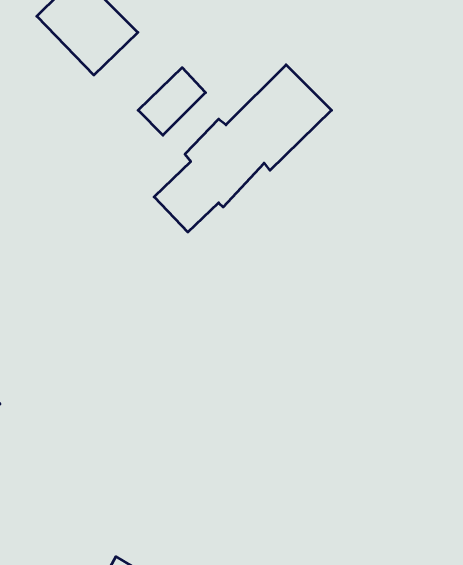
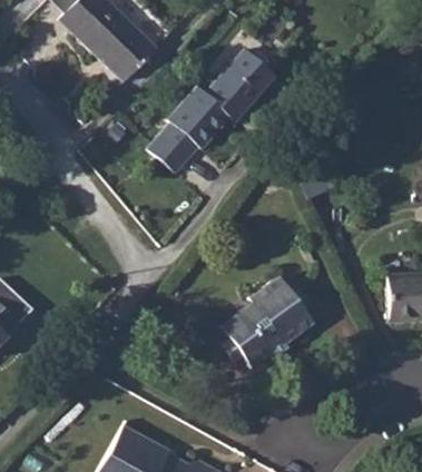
building: [138,68,206,135] -> [102,26,154,77]
building: none -> [219,275,313,365]

